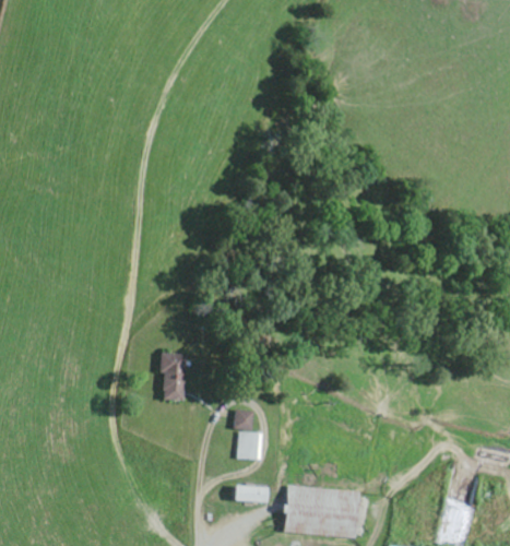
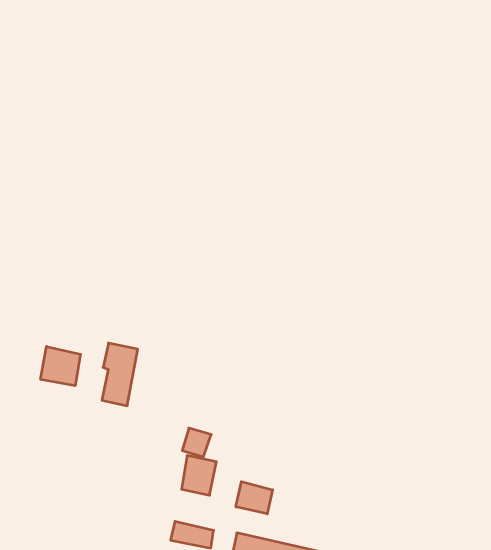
building: none -> [41,346,81,386]
building: none -> [236,482,273,514]

